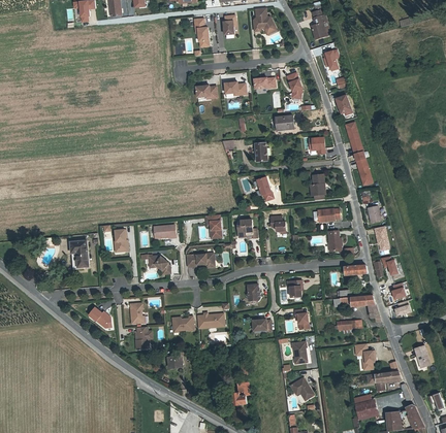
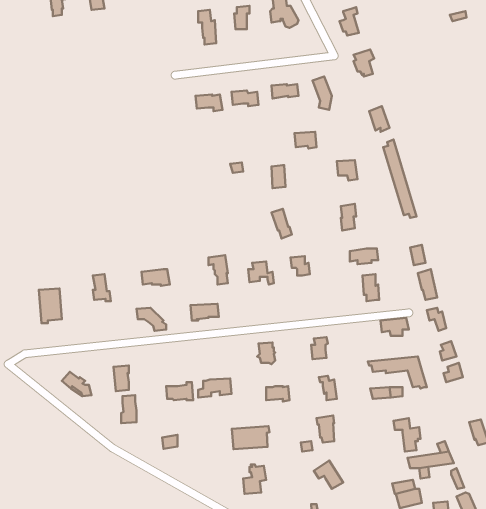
building: none -> [232,426,269,449]

